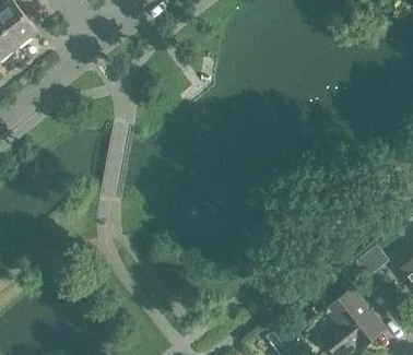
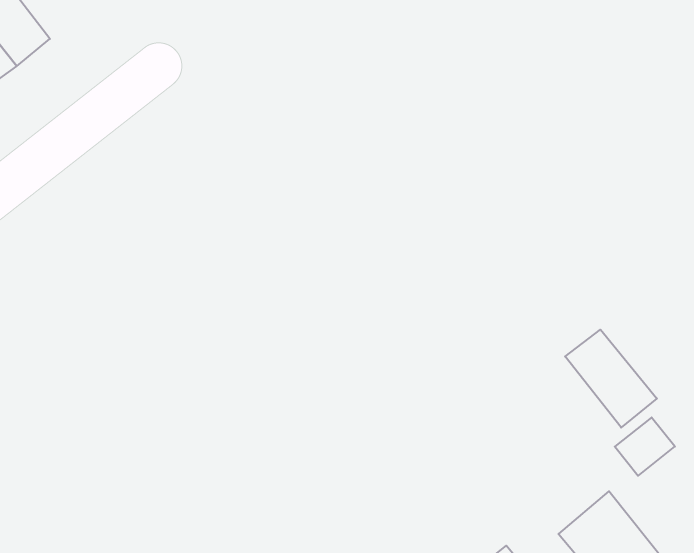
building: none -> [565,330,657,428]

